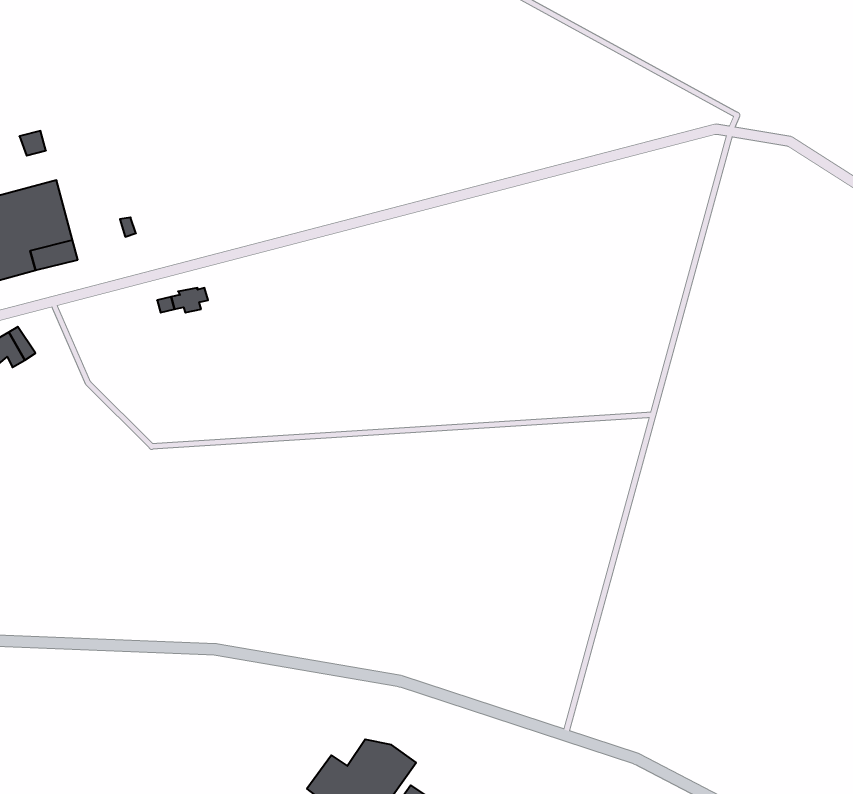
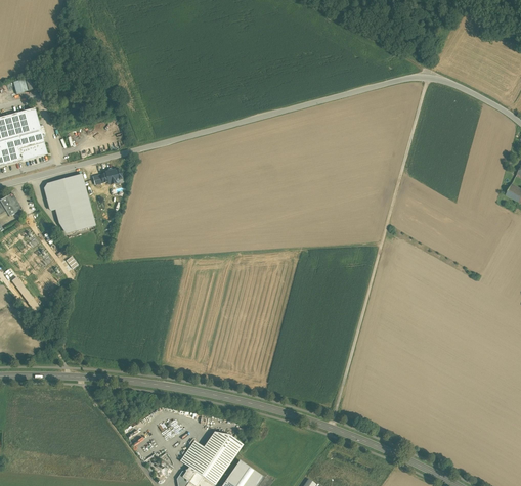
building: none -> [42,174,94,234]

